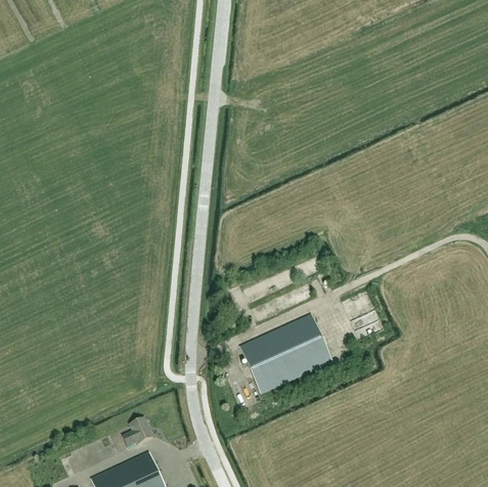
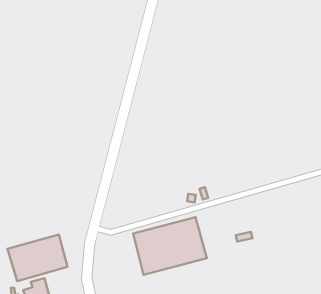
building: none -> [7,234,68,281]

